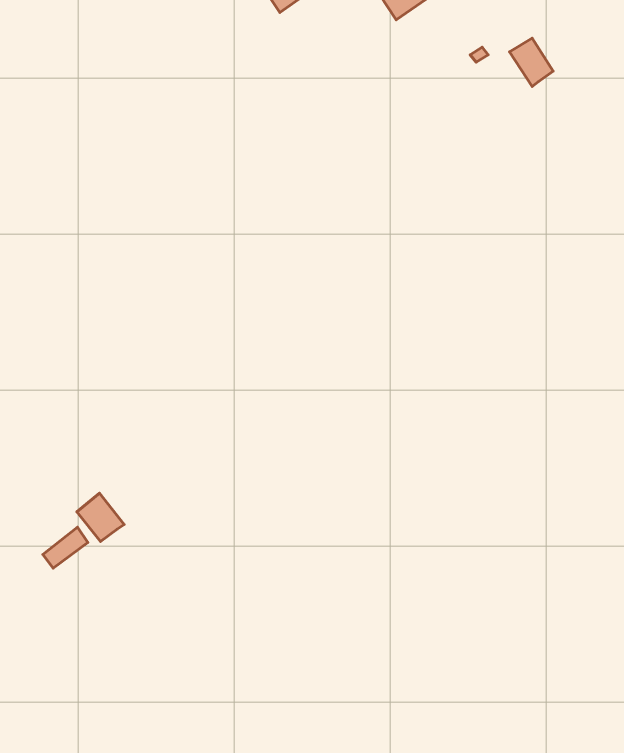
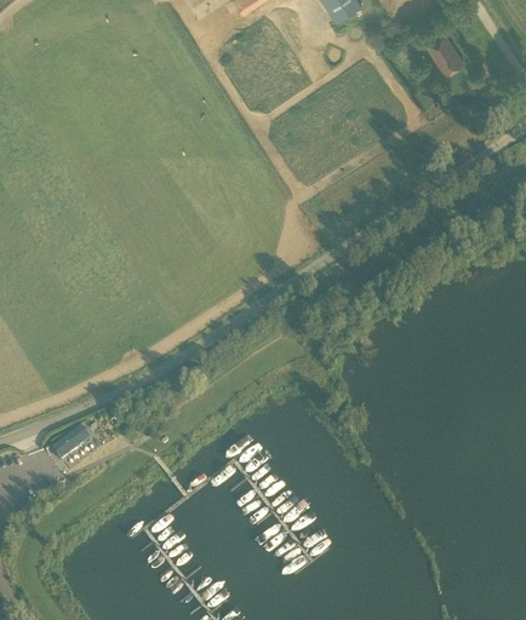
building: [77,493,124,541] -> none

